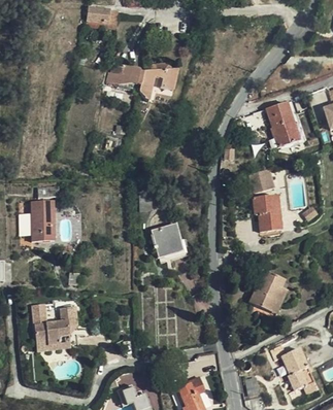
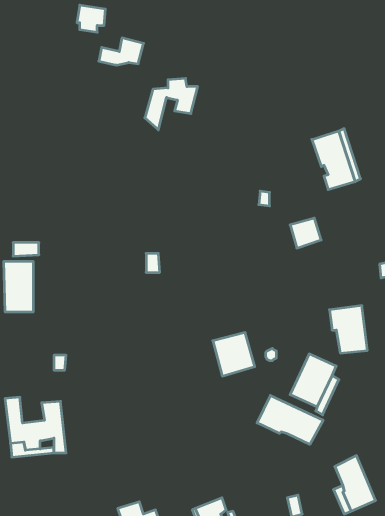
building: [107,63,141,83] -> [99,38,144,65]
building: [252,195,280,231] -> [329,306,367,353]
building: [151,224,182,257] -> [213,333,255,376]
building: none -> [257,395,323,444]

